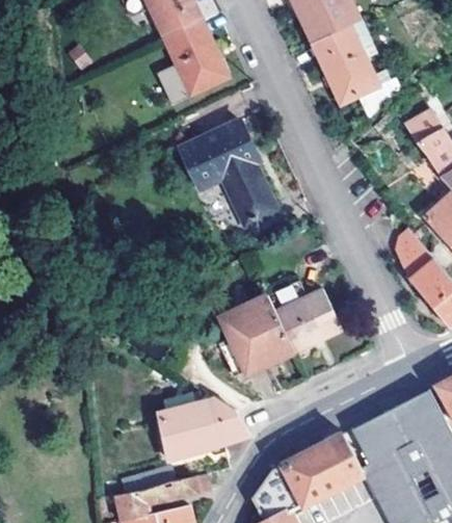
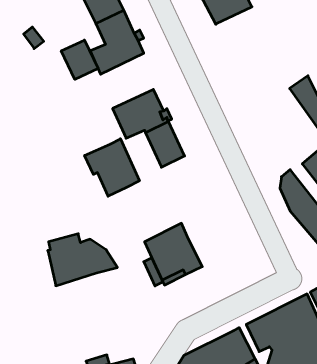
building: [315,17,389,112] -> none
building: none -> [61,40,98,79]
building: none -> [85,139,139,196]
building: [276,292,341,355] -> none
building: [159,392,249,460] -> [48,234,117,286]

